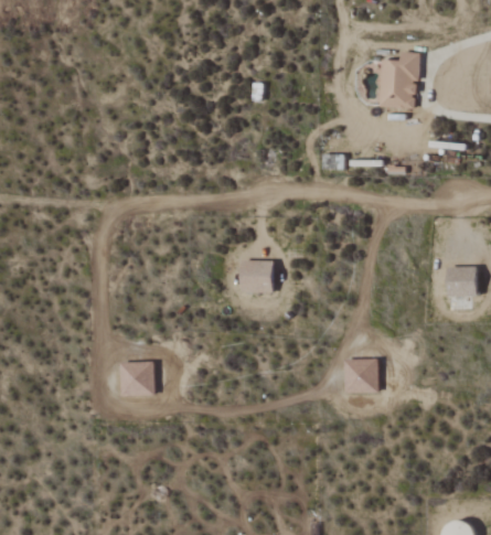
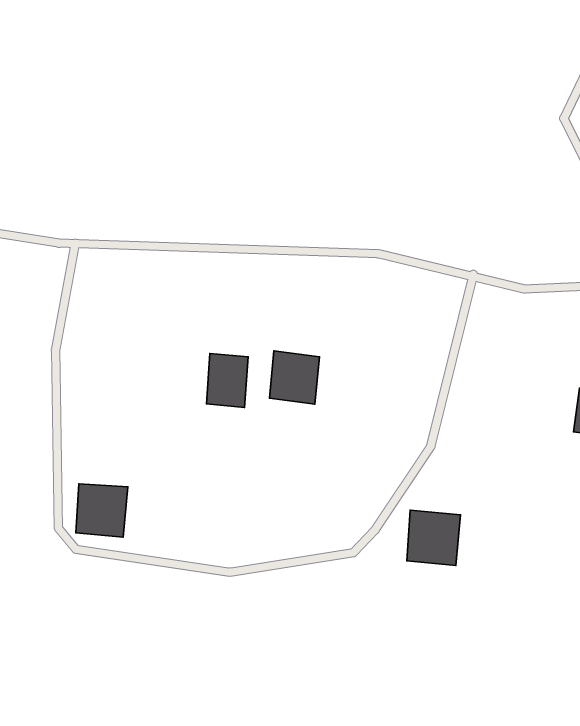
building: [378,52,419,108] -> none
building: none -> [206,353,248,408]

